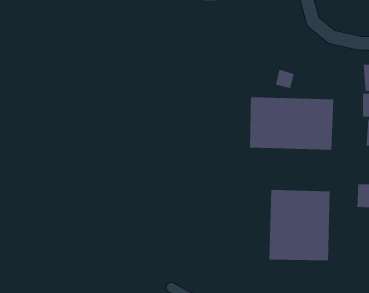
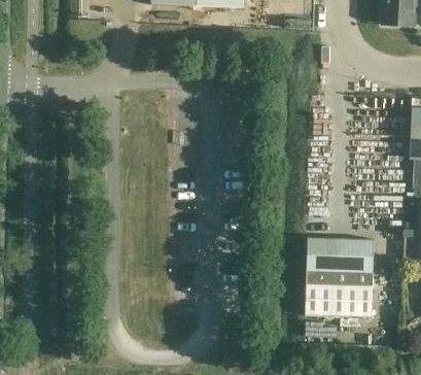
building: [249,97,334,150] -> none

